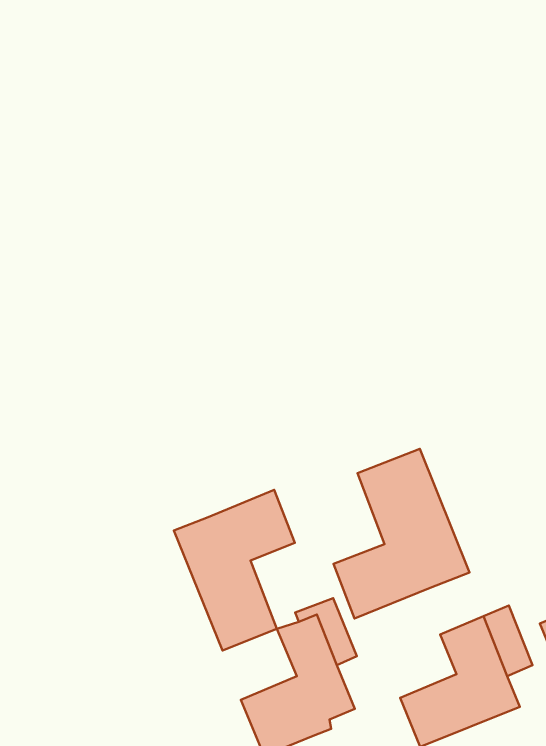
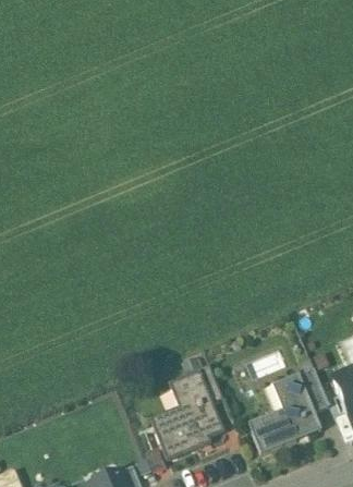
building: [334,449,469,619] -> none
building: [174,490,295,651] -> none

